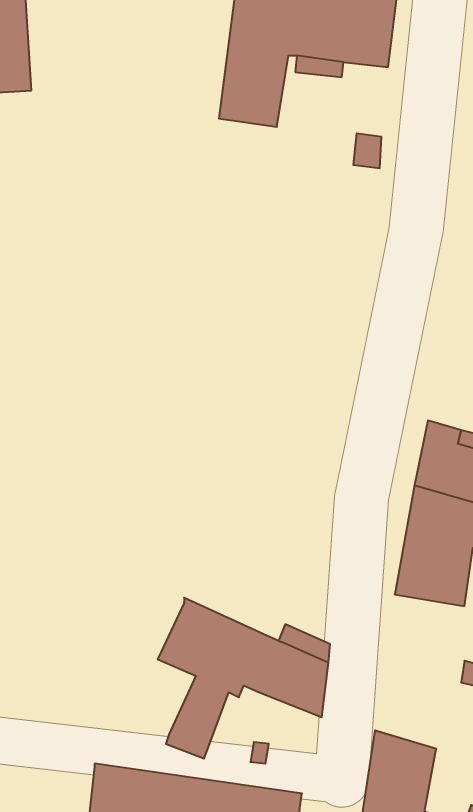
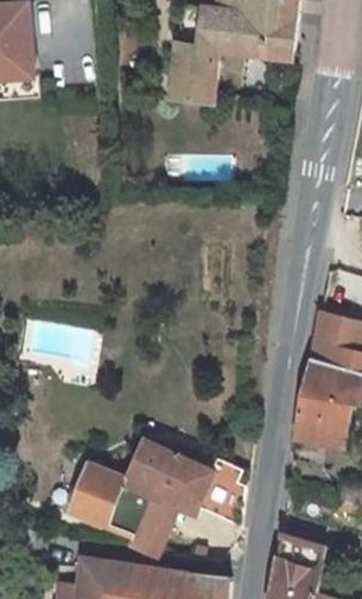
building: none -> [70,464,152,537]

